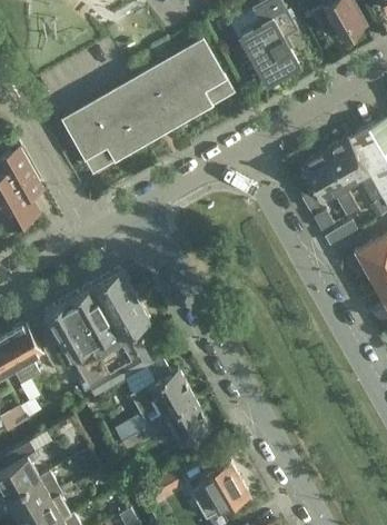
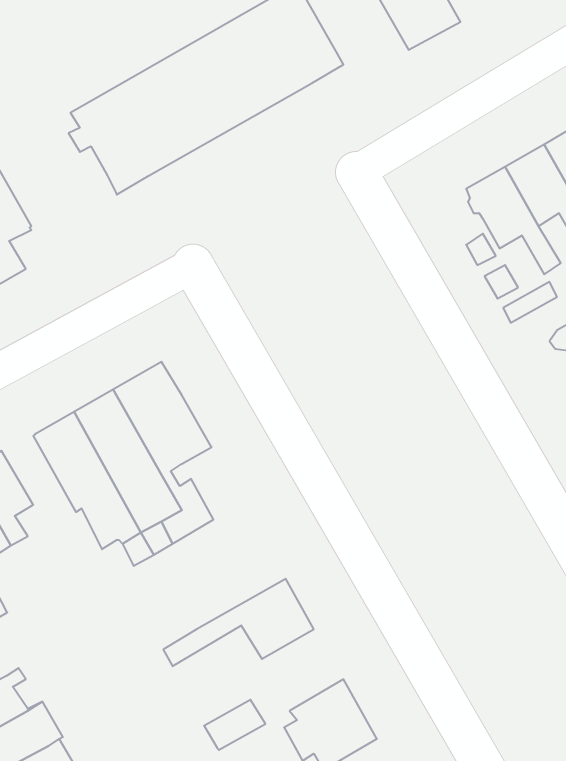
building: [115,370,195,443] -> none

